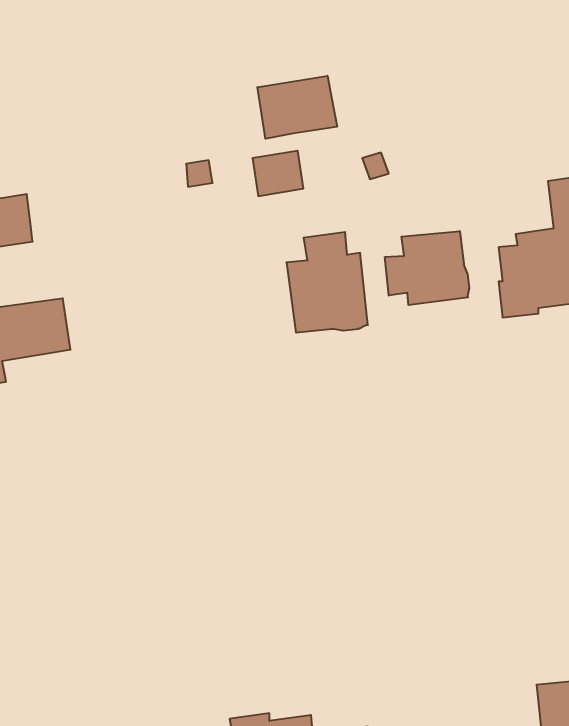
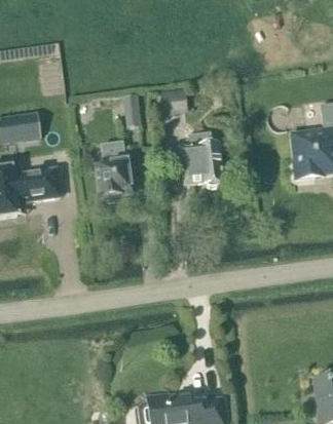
building: [257,76,337,139] -> none
building: [385,231,469,305] -> none
building: none -> [96,141,132,202]

